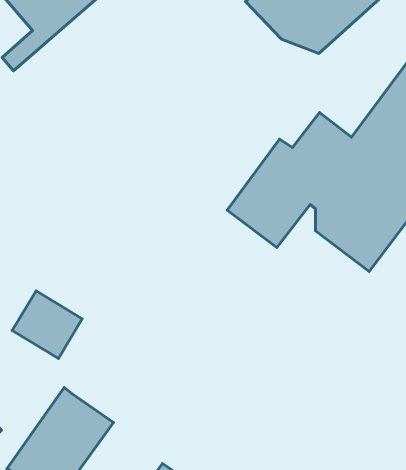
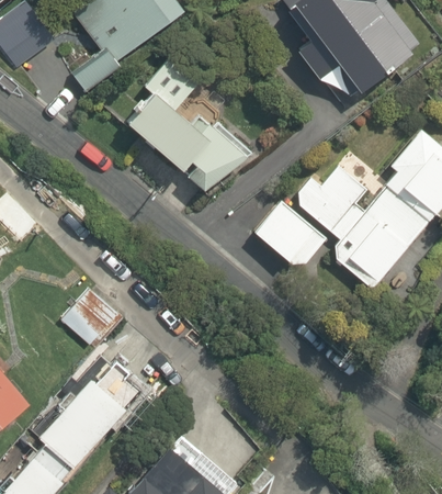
building: none -> [131,56,242,195]

